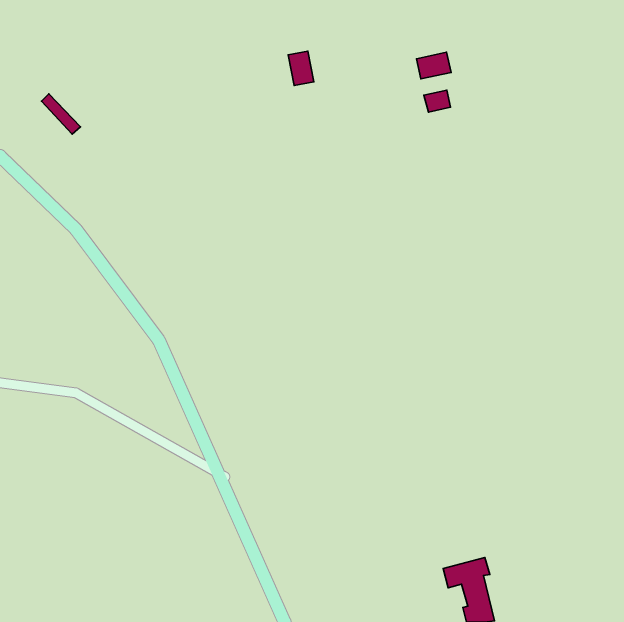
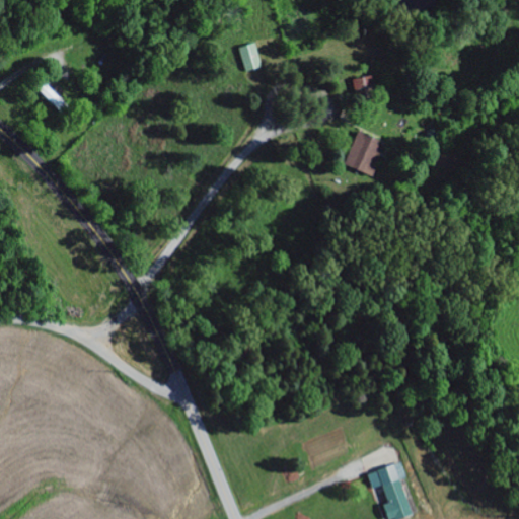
building: [416,52,451,79] -> none
building: none -> [344,133,385,175]

